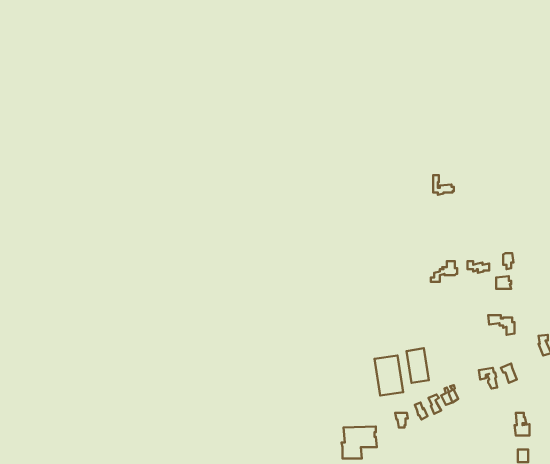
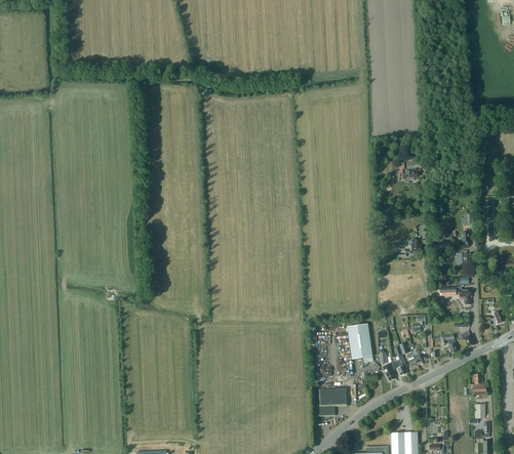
building: [406,348,429,383] -> none

